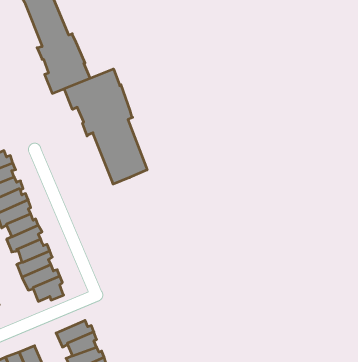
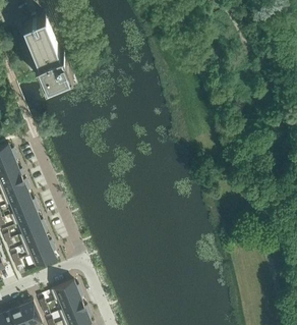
building: [64,69,147,184] -> none

